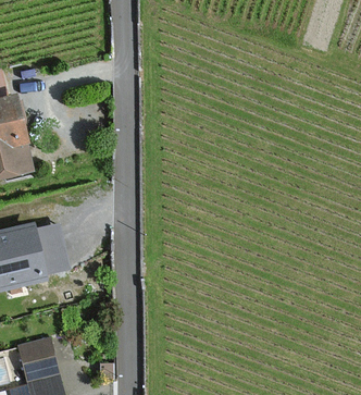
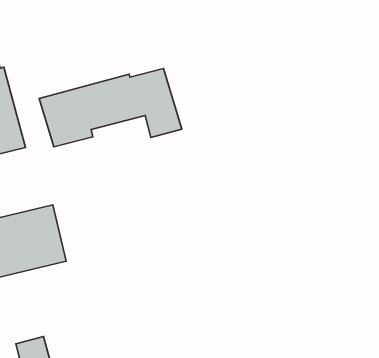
building: none -> [39,69,182,147]

